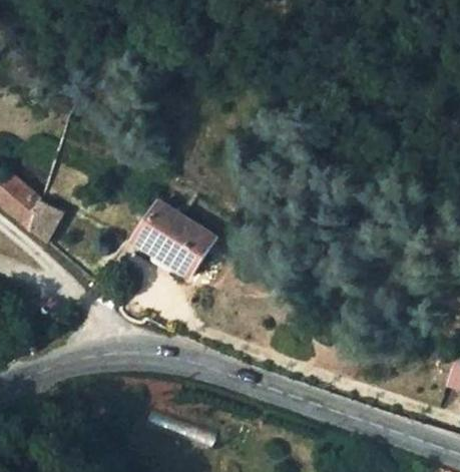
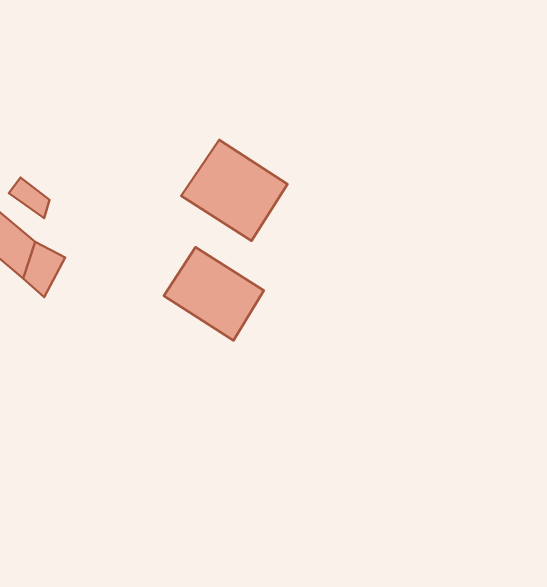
building: none -> [181,140,288,241]

